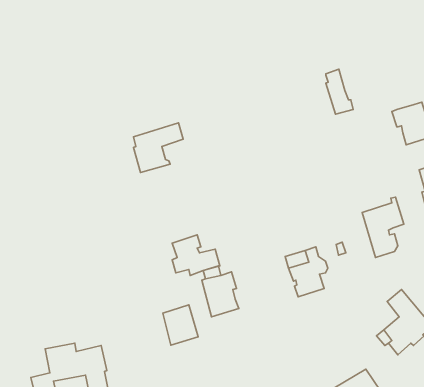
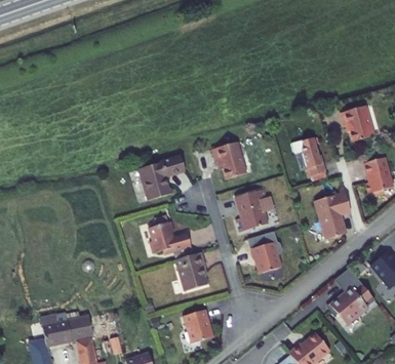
building: [326,69,353,114] -> [302,135,325,174]
building: [133,123,183,173] -> [142,155,185,198]
building: none -> [211,139,246,177]
building: none -> [235,188,272,230]
building: [163,305,198,345] -> [183,308,213,342]

